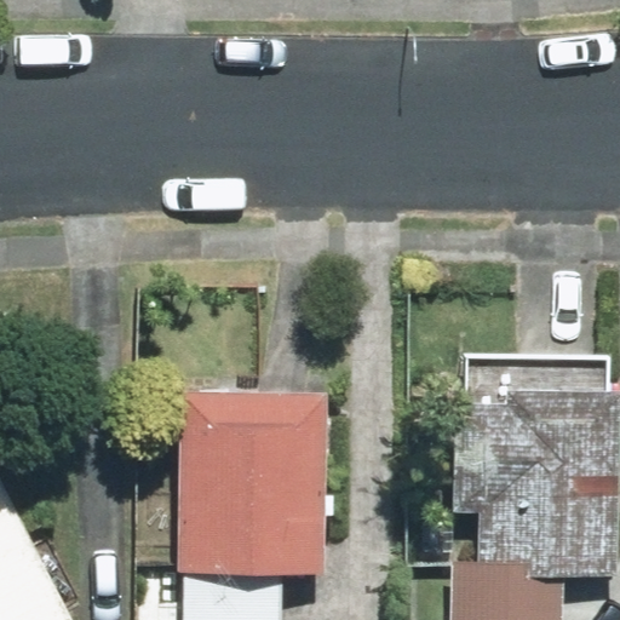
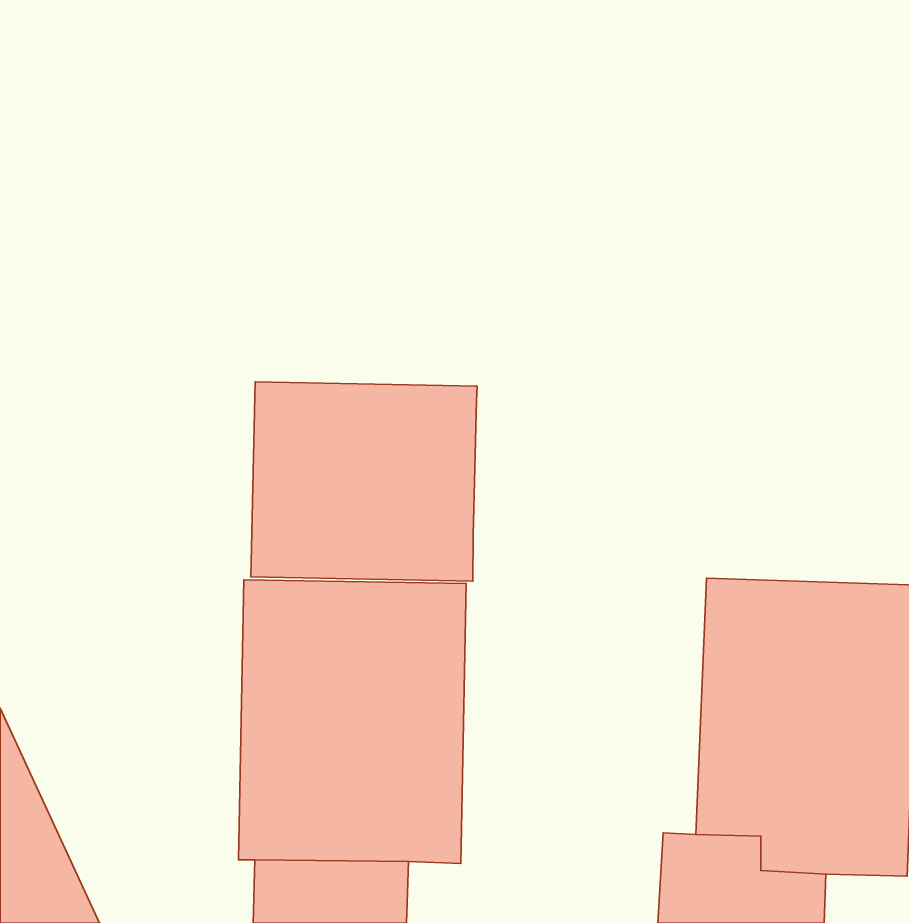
building: none -> [251,382,477,581]

